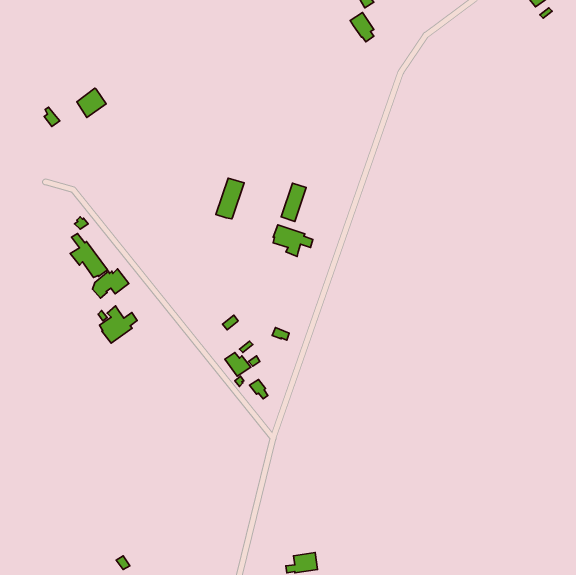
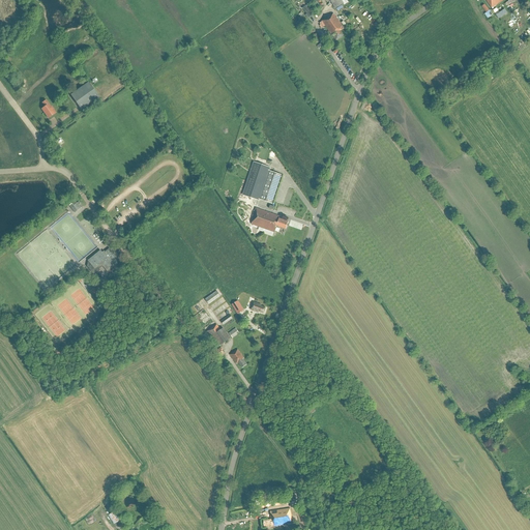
building: [216,178,244,219] -> [242,164,268,201]
building: [70,234,107,277] -> none
building: [99,306,137,343] -> none

